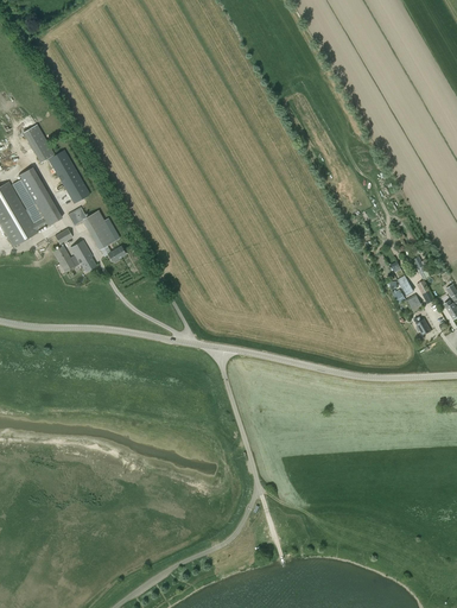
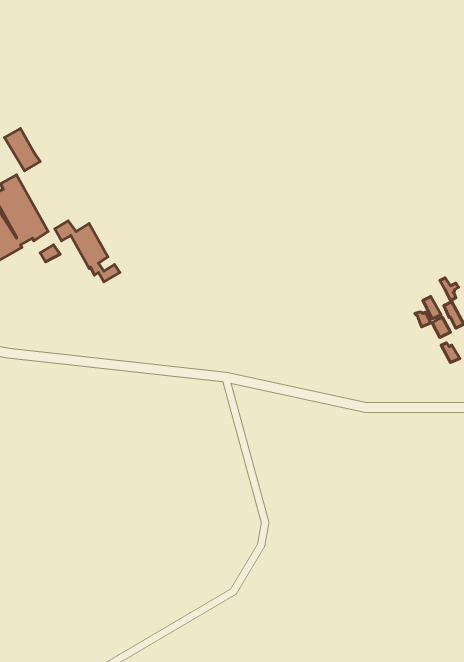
building: [49,150,90,203] -> none
building: [53,240,96,272] -> none

